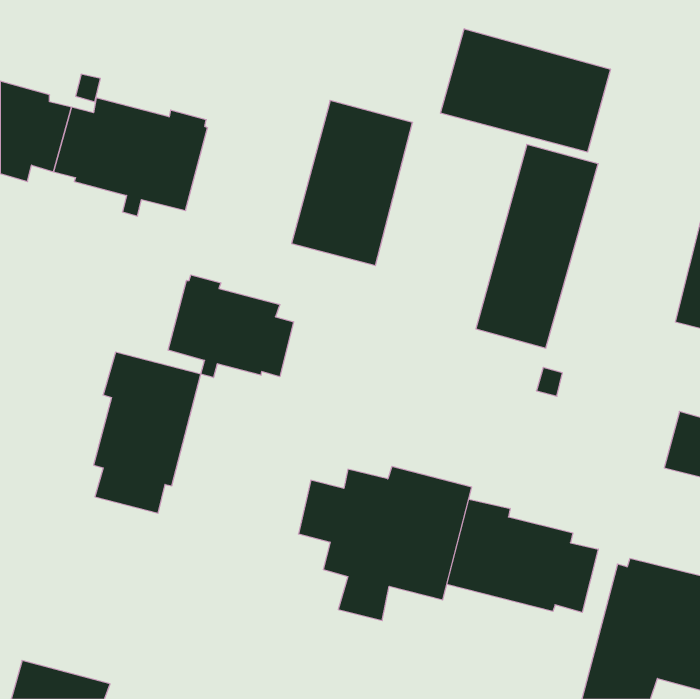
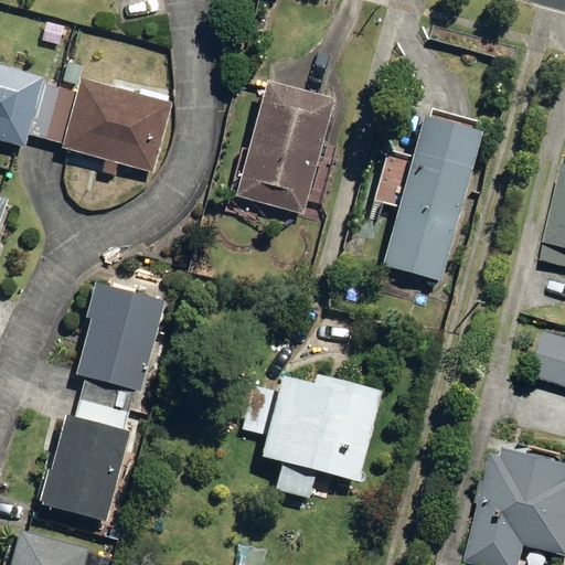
building: [441,29,610,152] -> none
building: [168,275,294,378] -> none
building: none -> [40,398,129,521]
building: [447,499,598,612] -> none

